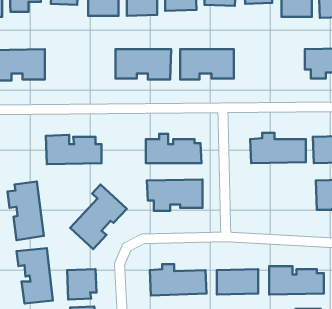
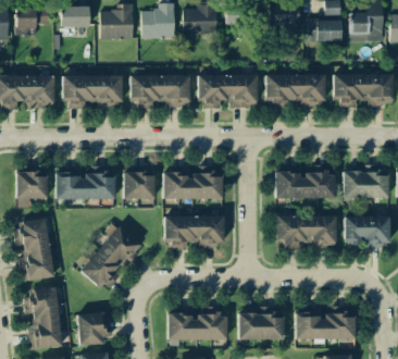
building: none -> [265,74,325,108]
building: none -> [64,75,123,108]
building: none -> [16,172,48,208]
building: none -> [124,172,156,199]
building: none -> [276,215,336,249]

